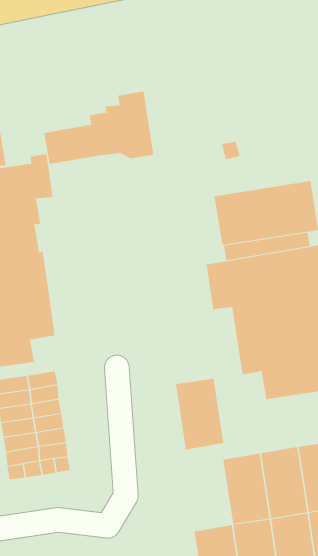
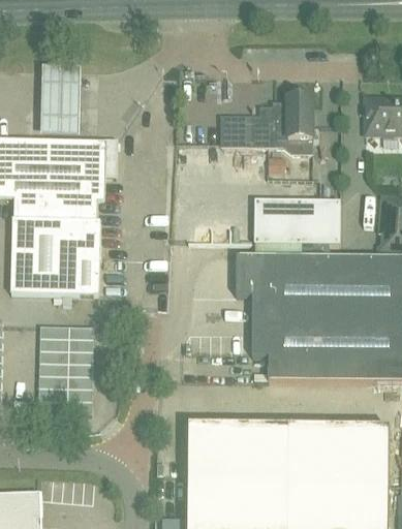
building: [43,91,154,165] -> [219,97,311,153]
building: [175,378,224,450] -> [186,423,221,480]

